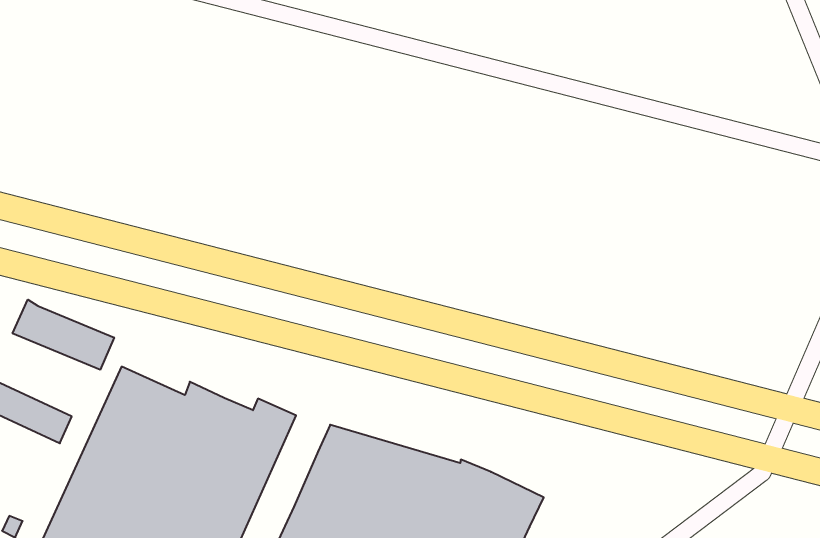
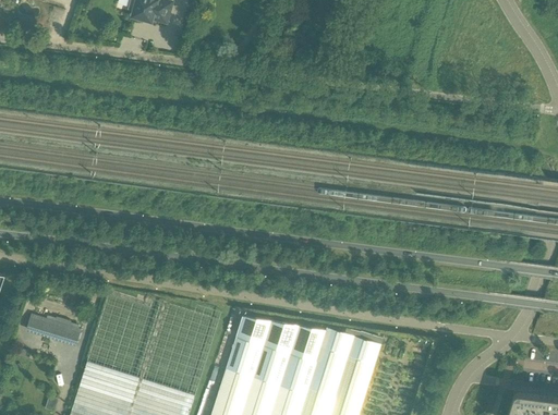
building: [13,300,114,370] -> none

